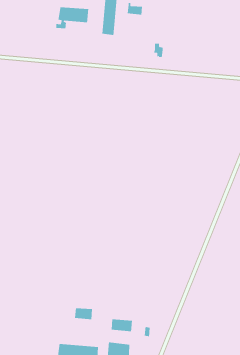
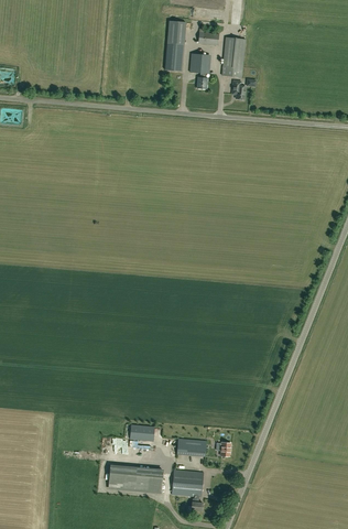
building: [56,6,89,29] -> none
building: none -> [222,36,246,76]
building: none -> [189,53,211,88]

